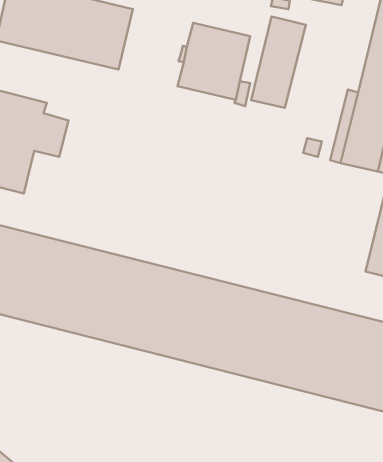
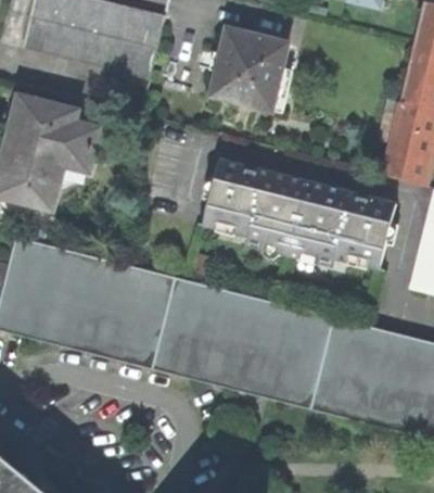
building: [251,17,306,108] -> none
building: none -> [205,160,396,264]

